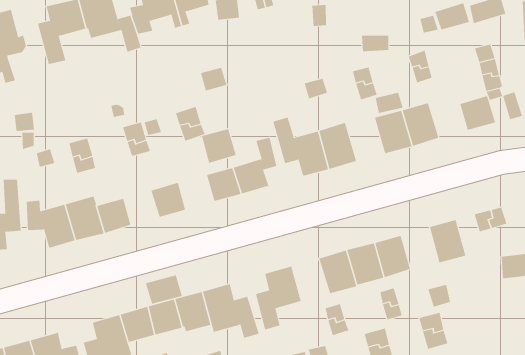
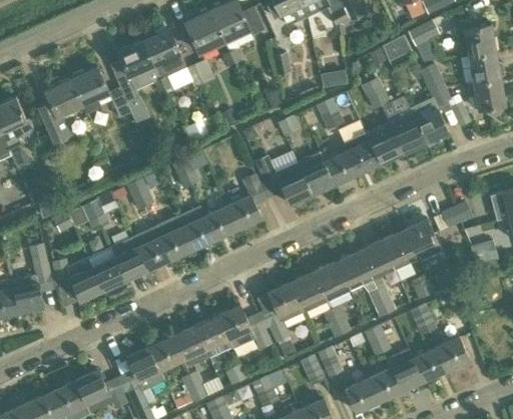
building: none -> [387,109,425,152]
building: none -> [319,150,357,183]
building: [201,128,236,164] -> [182,216,215,249]
building: none -> [137,237,170,269]
building: none -> [382,231,418,270]
building: none -> [292,273,328,312]
building: [145,275,183,305] -> none

